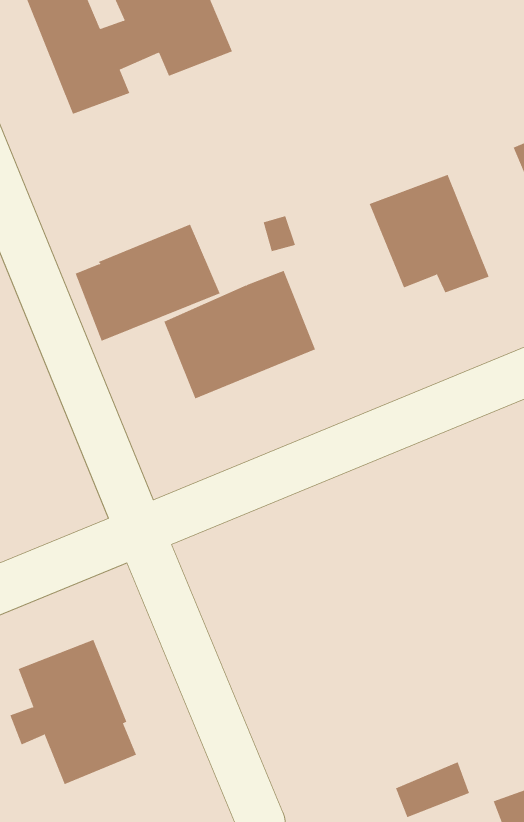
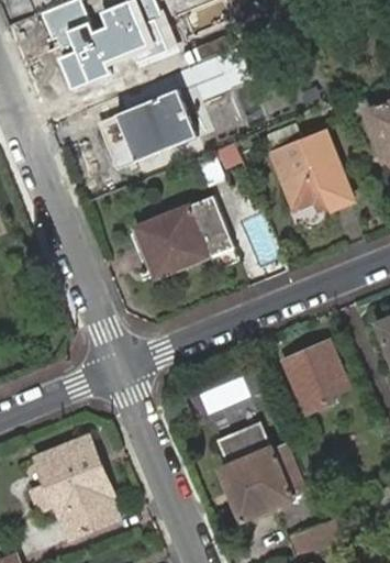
building: [75,224,220,341] -> [101,90,198,168]
building: none -> [283,342,346,410]
building: none -> [216,421,303,520]

